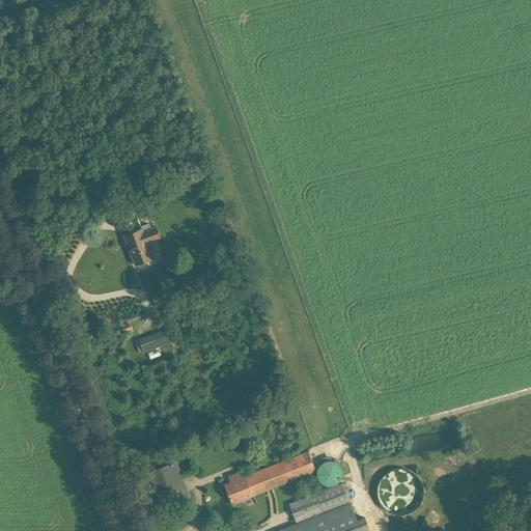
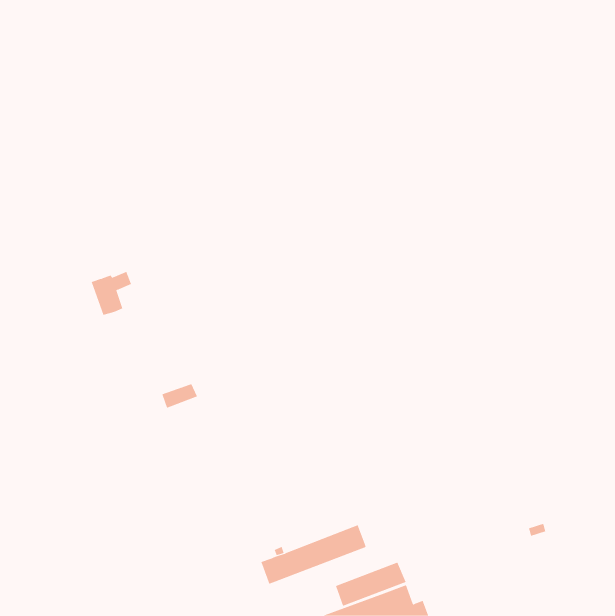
building: [123,226,159,264] -> [91,271,132,316]
building: [316,460,341,485] -> none
building: [148,464,190,508] -> none

